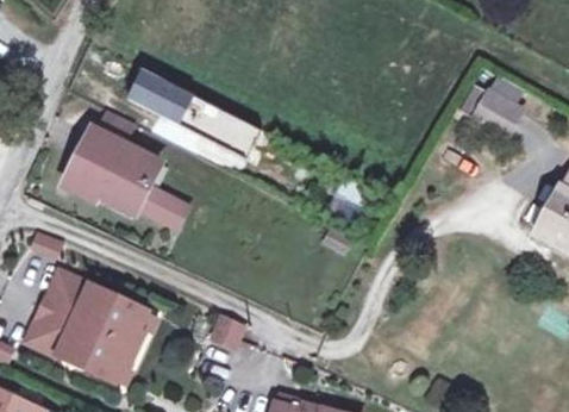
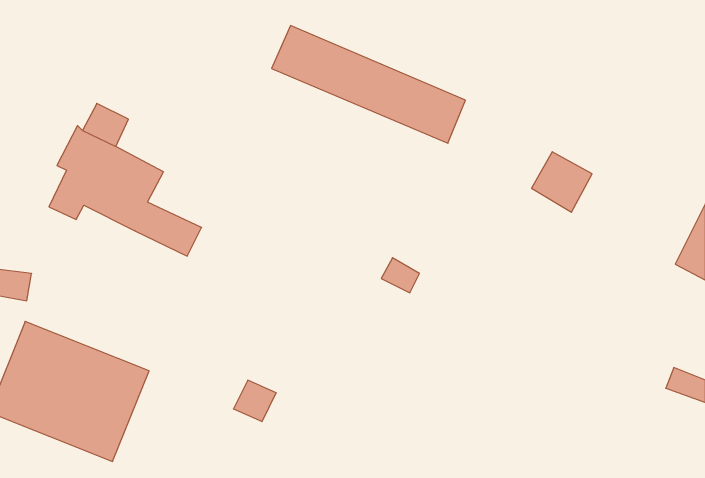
building: [121,73,267,161] -> [272,26,465,143]
building: [474,92,519,137] -> [532,152,592,212]

